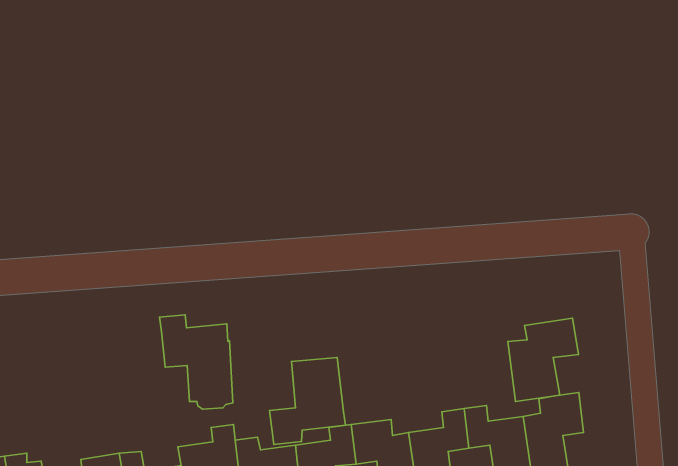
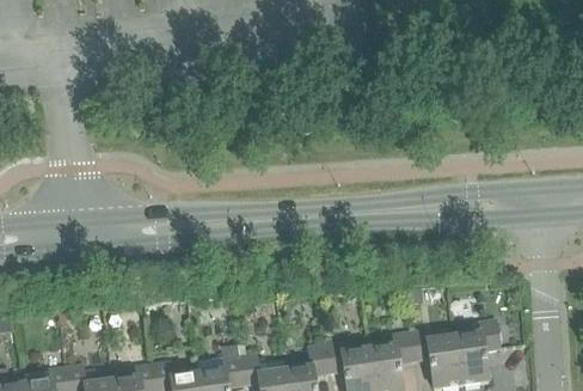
building: [160,315,233,409] -> none
building: [508,318,578,401] -> none
building: [270,358,346,444] -> none

